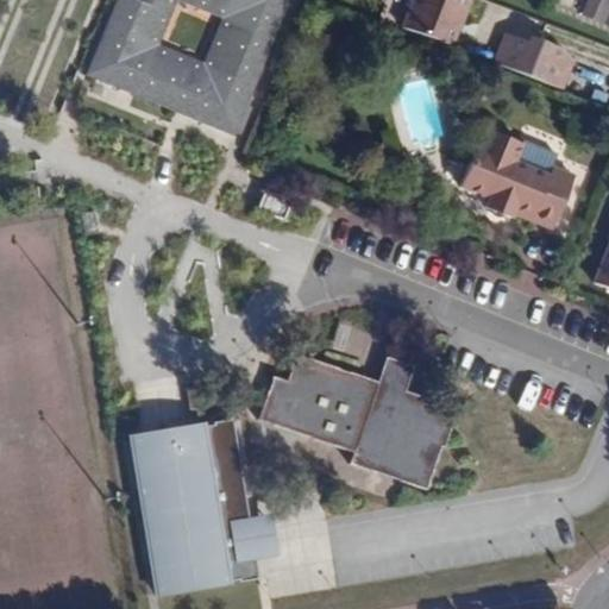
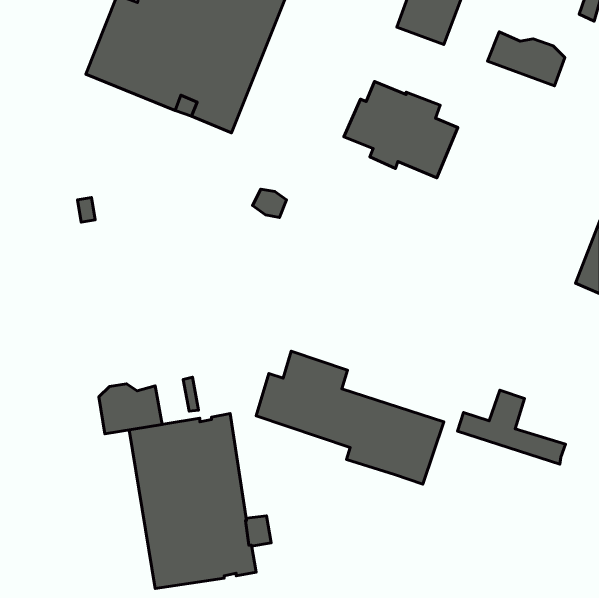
building: [457,126,572,224] -> [344,82,458,178]
building: [347,352,457,427] -> [458,390,566,464]
building: none -> [99,384,162,434]

